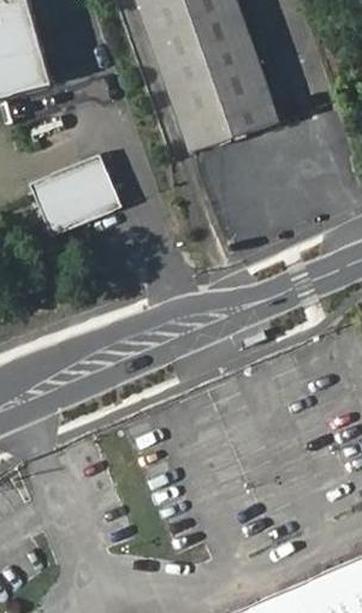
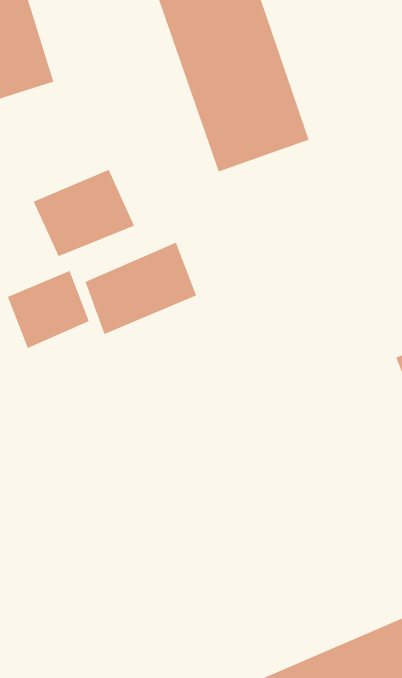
building: none -> [85,242,197,335]
building: none -> [7,270,89,349]

